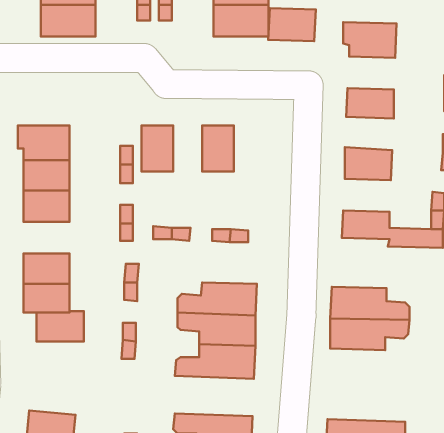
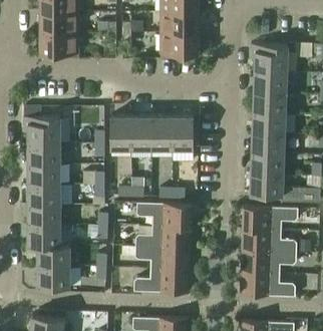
building: [268,8,316,41] -> [254,68,287,91]
building: none -> [252,110,286,133]
building: none -> [132,116,152,148]
building: none -> [175,116,194,148]
building: none -> [251,153,284,177]
building: none -> [28,184,60,206]
building: none -> [136,203,192,227]
building: none -> [243,206,298,230]
building: none -> [37,267,70,287]
building: none -> [241,272,296,296]

